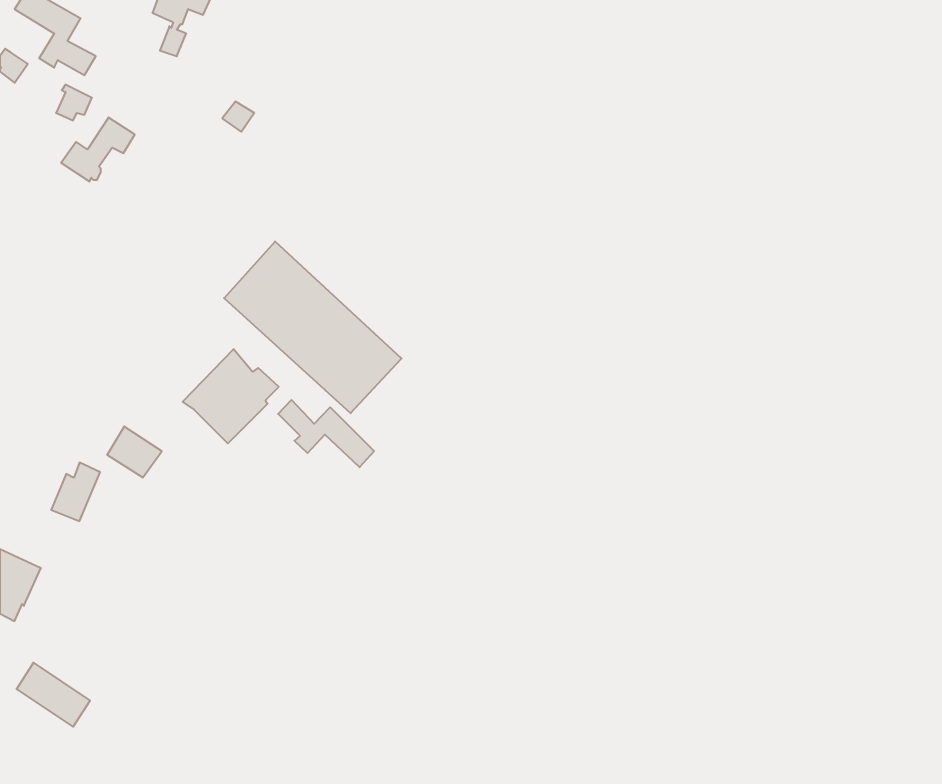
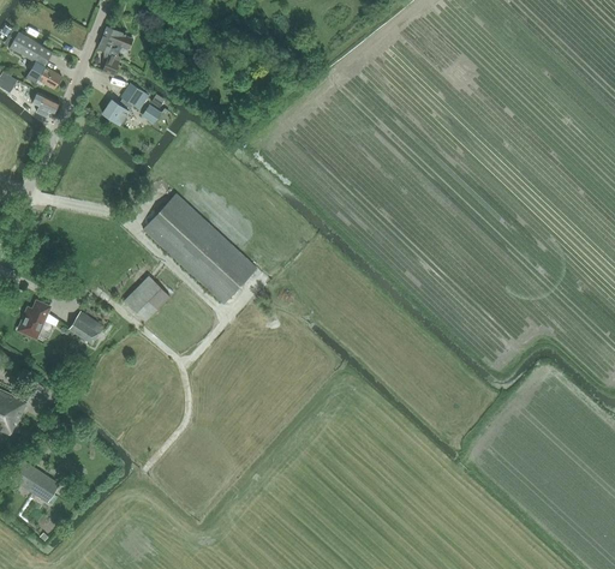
building: [61,117,135,182] -> [102,84,149,125]
building: [278,400,374,467] -> none
building: [51,463,100,521] -> [18,300,49,337]

